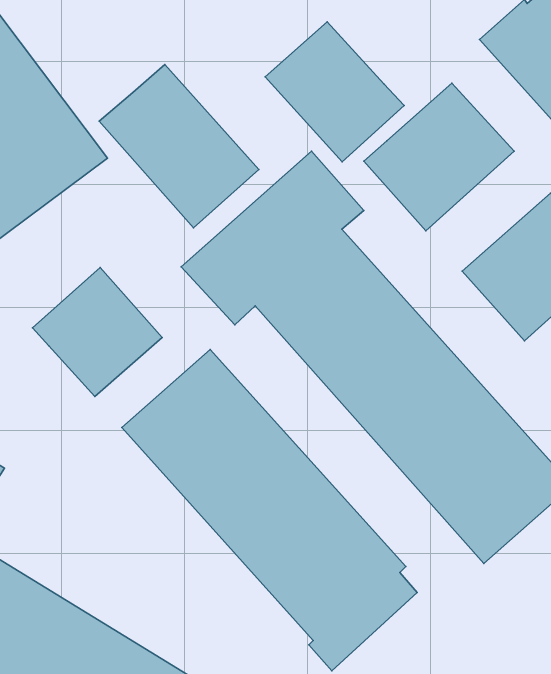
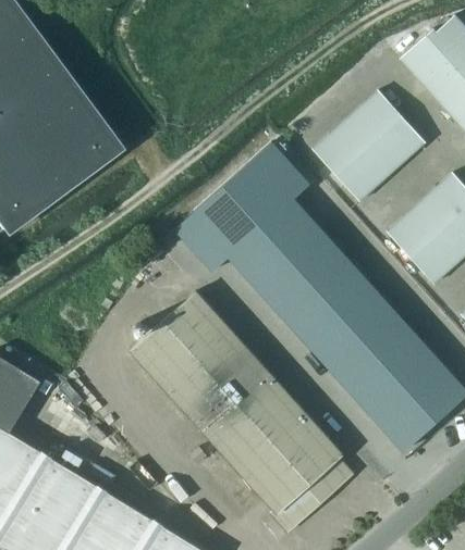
building: [265,22,404,162] -> none
building: [99,65,259,228] -> none
building: [32,267,162,397] -> none

